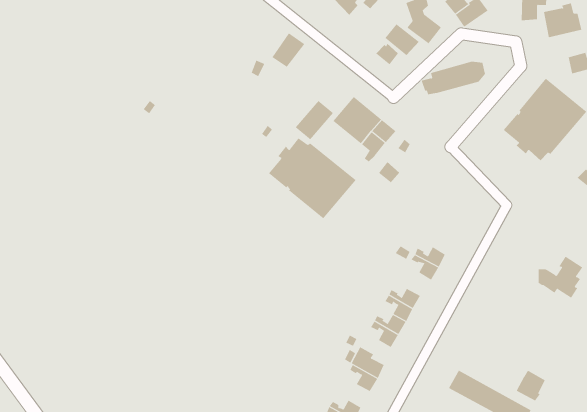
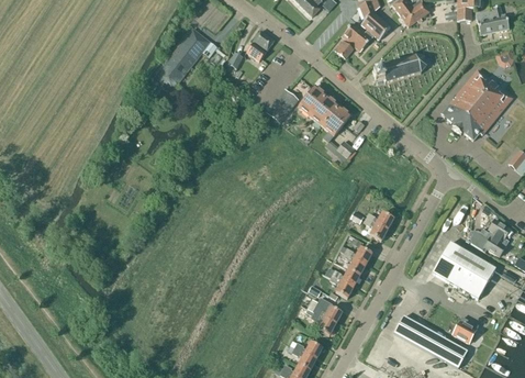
building: none -> [155,34,211,90]
building: [268,137,357,219] -> none
building: none -> [433,242,495,299]

